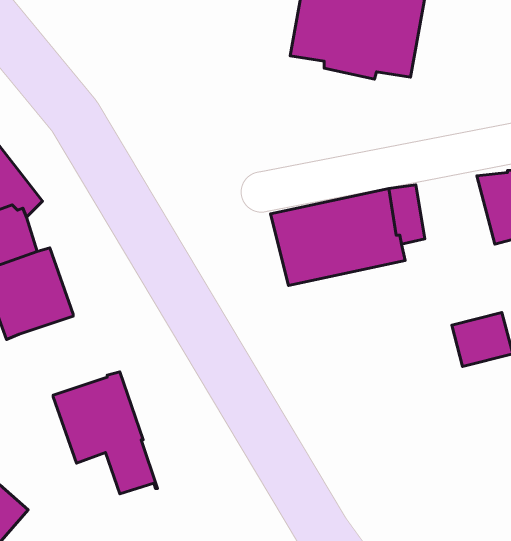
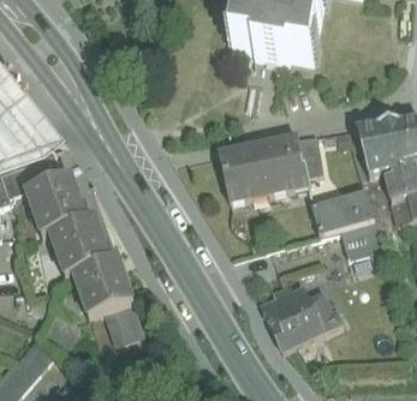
building: none -> [311,190,373,233]
building: none -> [49,217,108,277]
building: none -> [260,285,341,349]

